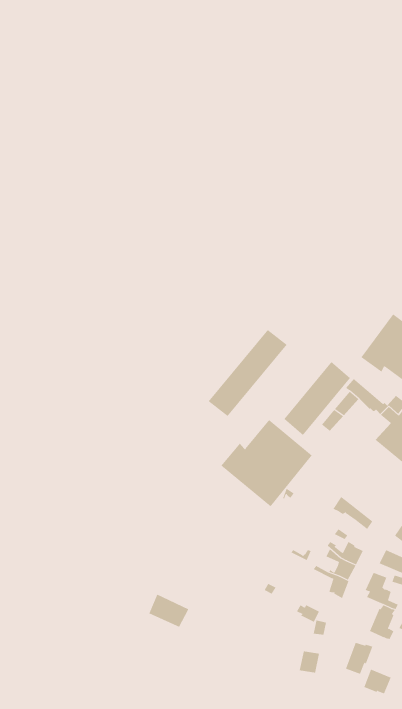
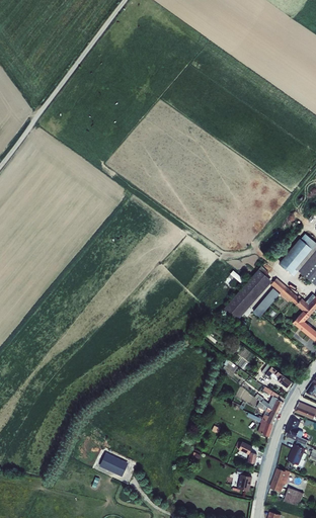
building: [208,329,287,417] -> none
building: [221,419,313,507] -> none
building: [149,594,189,628] -> [98,452,128,477]

